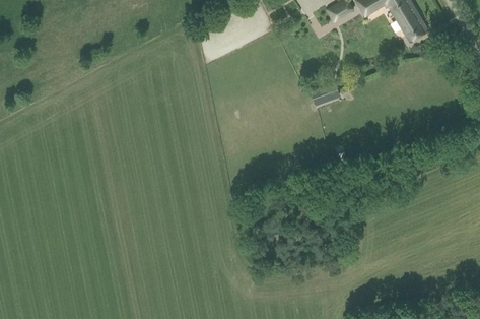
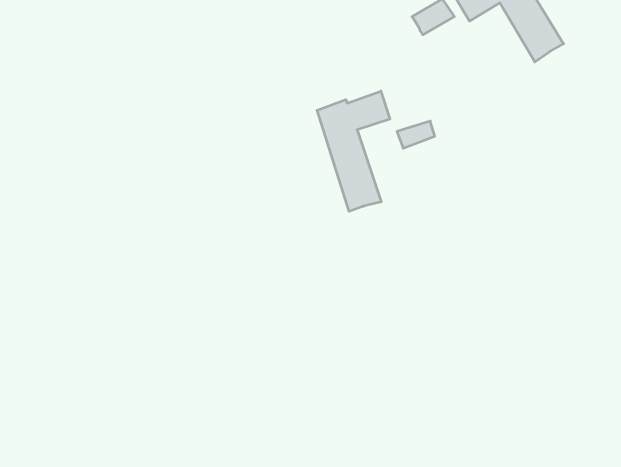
building: none -> [317,91,390,211]

